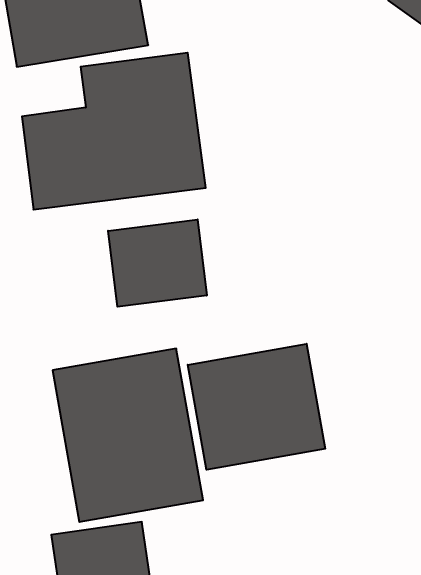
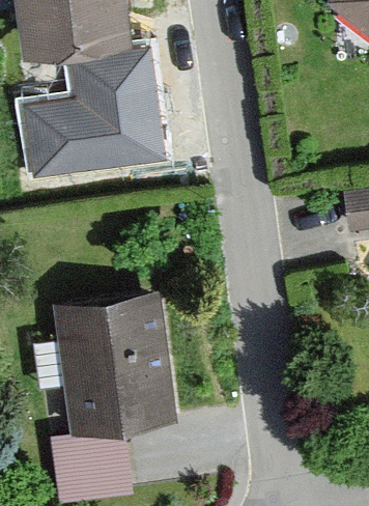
building: [108,219,207,307] -> none
building: [188,344,325,470] -> none

